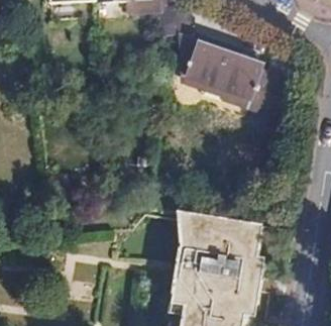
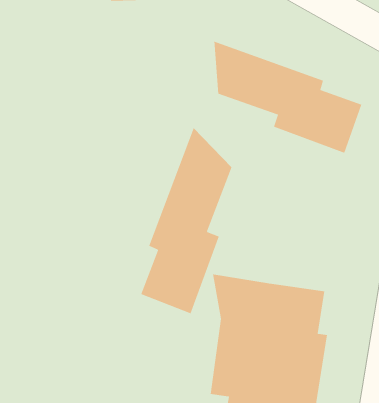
building: none -> [140,127,232,314]

